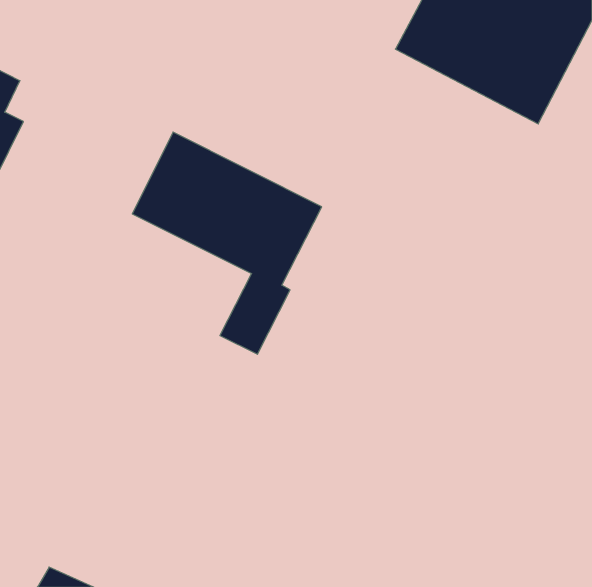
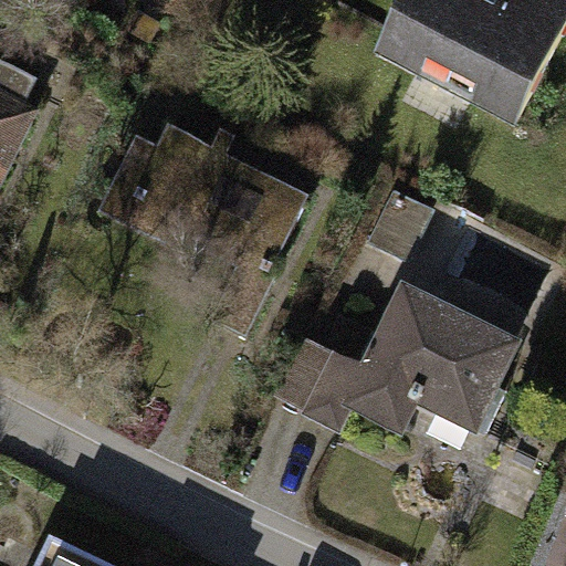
building: none -> [291,282,517,440]

